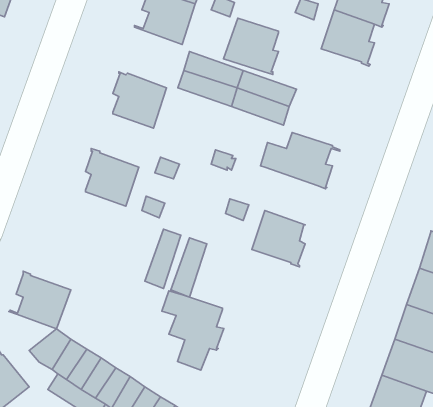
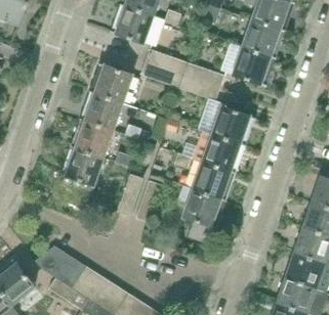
building: [224,18,278,75] -> [232,47,271,87]
building: none -> [84,90,123,131]
building: none -> [193,131,240,174]
building: [9,271,71,329] -> [59,145,104,186]
building: [162,291,224,370] -> [177,186,221,242]

